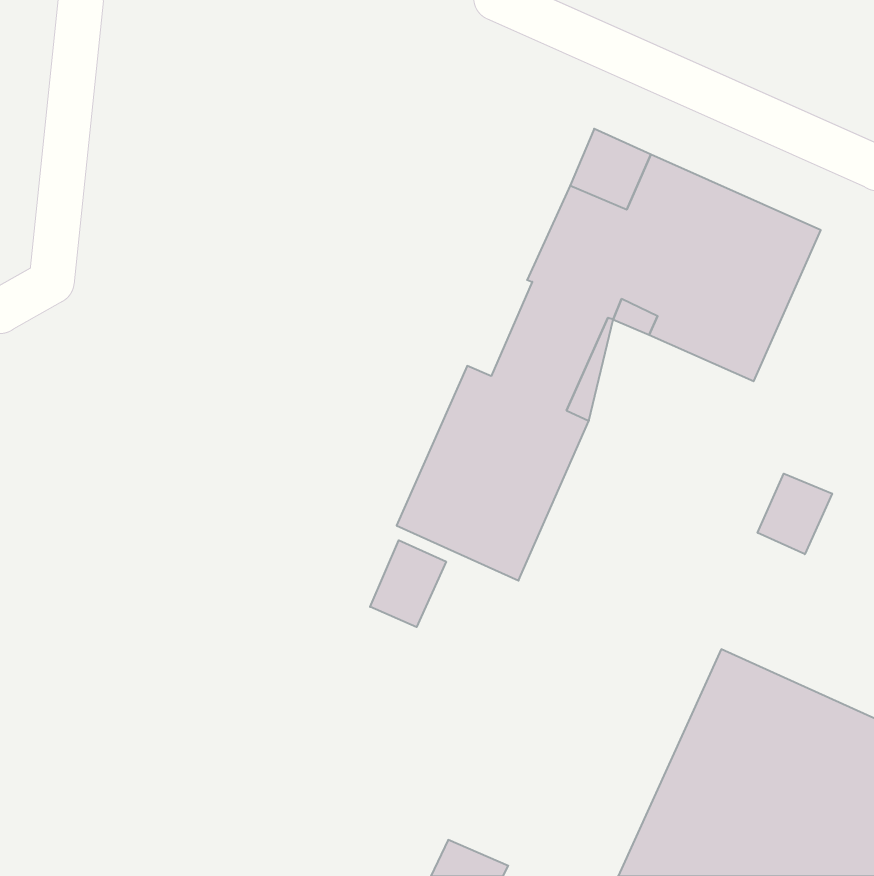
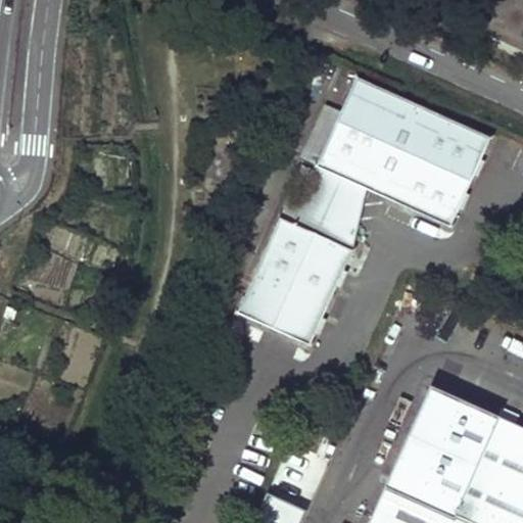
building: [758,474,832,554] -> none
building: [370,540,446,627] -> none

